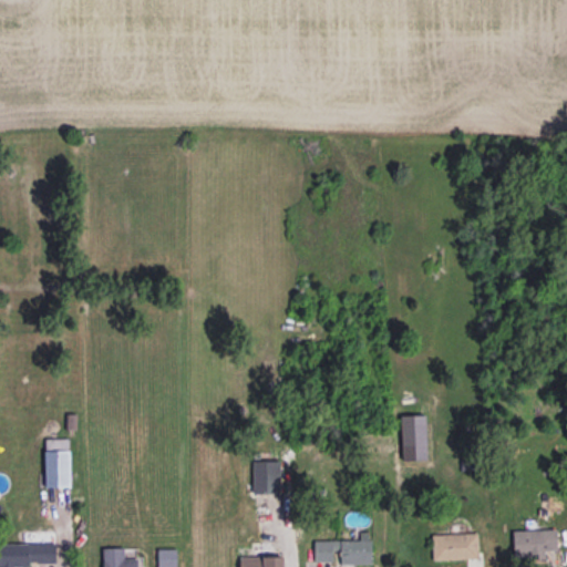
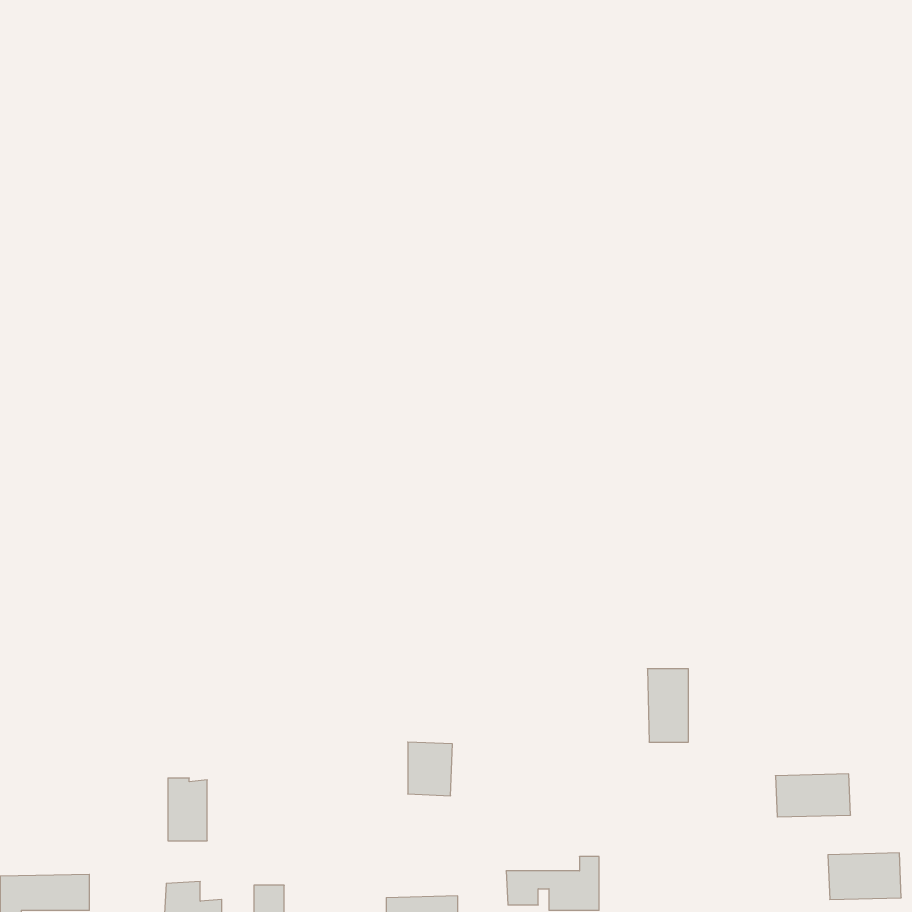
building: [47,449,71,487] -> [168,778,207,841]
building: [433,534,480,560] -> [775,774,851,817]

